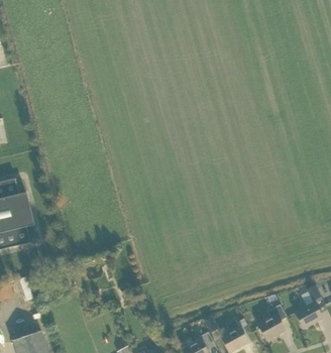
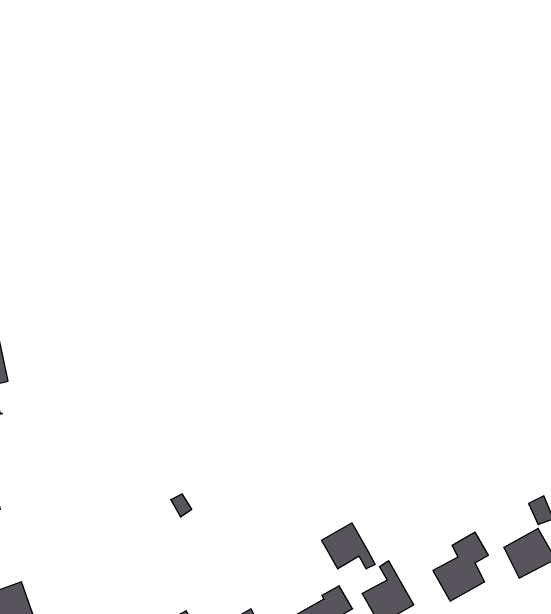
building: none -> [322,523,375,569]

